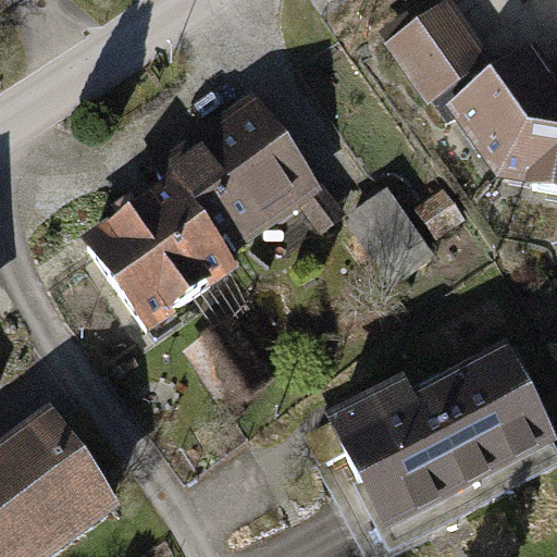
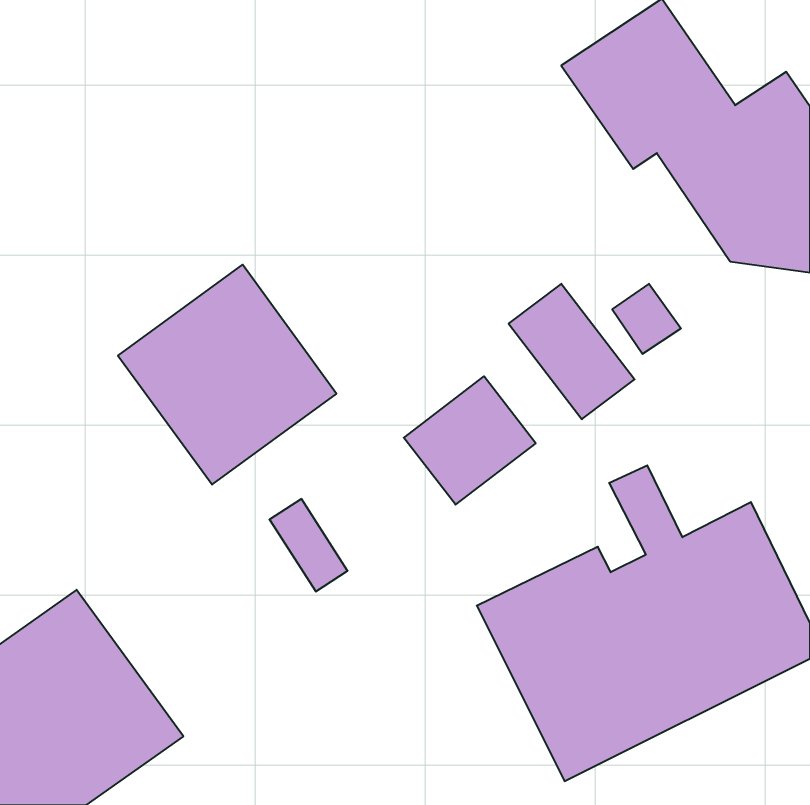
building: [157,96,345,269] -> none
building: none -> [404,376,536,505]

